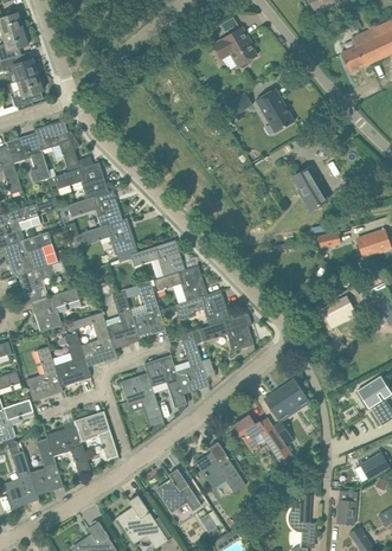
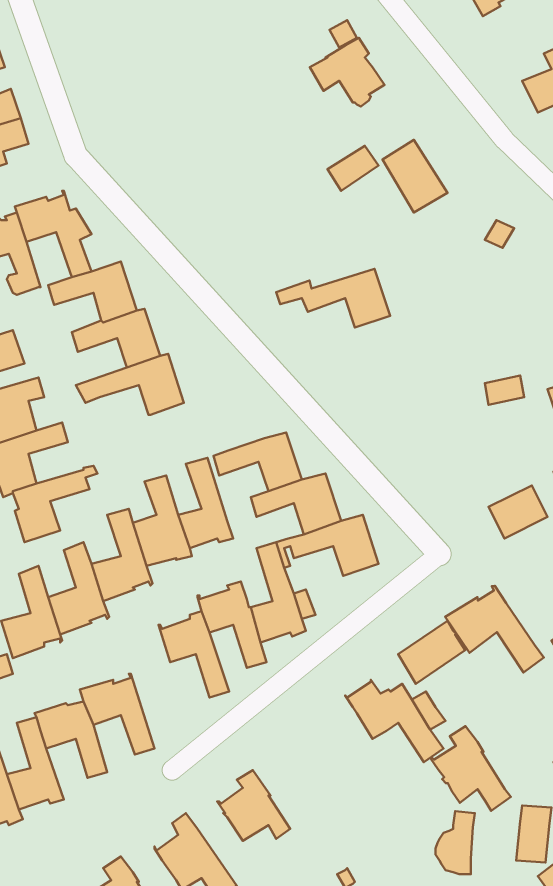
building: [294,168,327,210] -> none
building: [116,241,185,276] -> [276,269,390,328]
building: none -> [445,586,544,673]
building: [197,442,245,493] -> [430,726,511,811]

